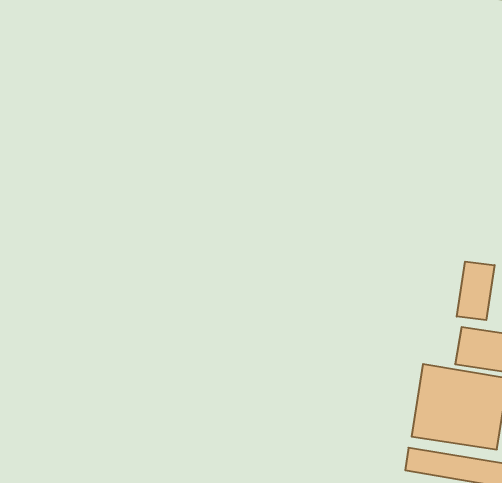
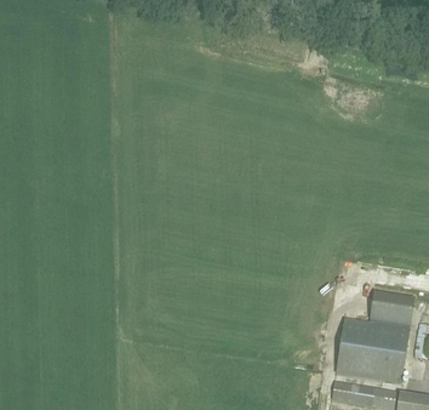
building: [457,262,495,320] -> none

